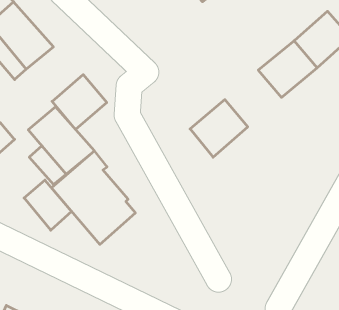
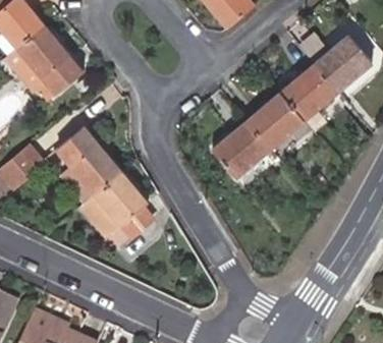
building: none -> [248,91,303,146]
building: [52,75,107,129] -> none
building: [24,180,72,230] -> none

